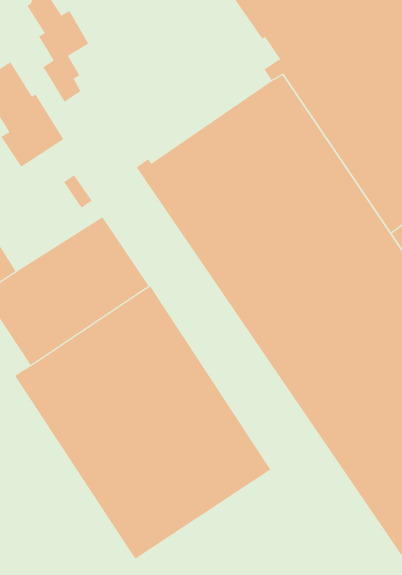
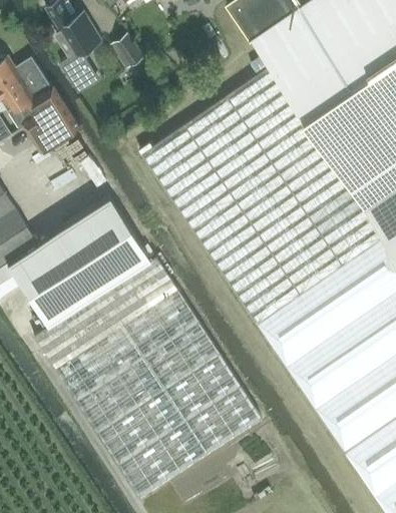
building: none -> [110,36,143,72]

